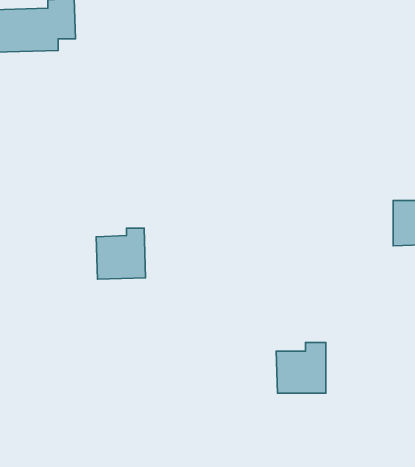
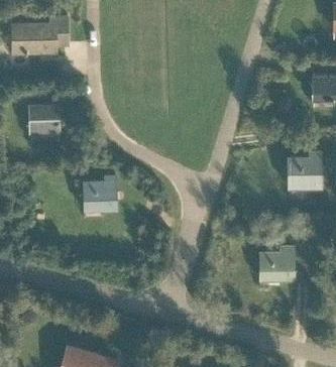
building: none -> [29,106,59,140]
building: [276,342,326,393] -> [259,247,294,282]

